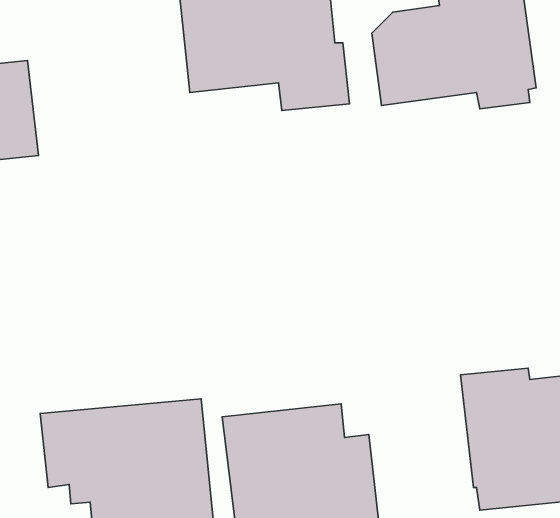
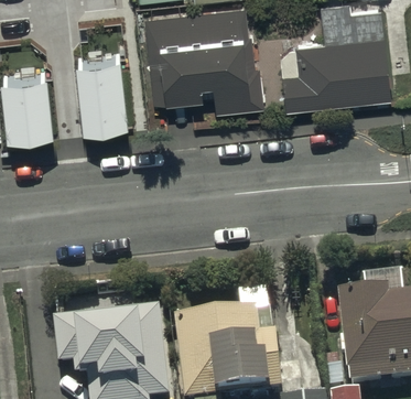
building: none -> [76,61,126,138]

